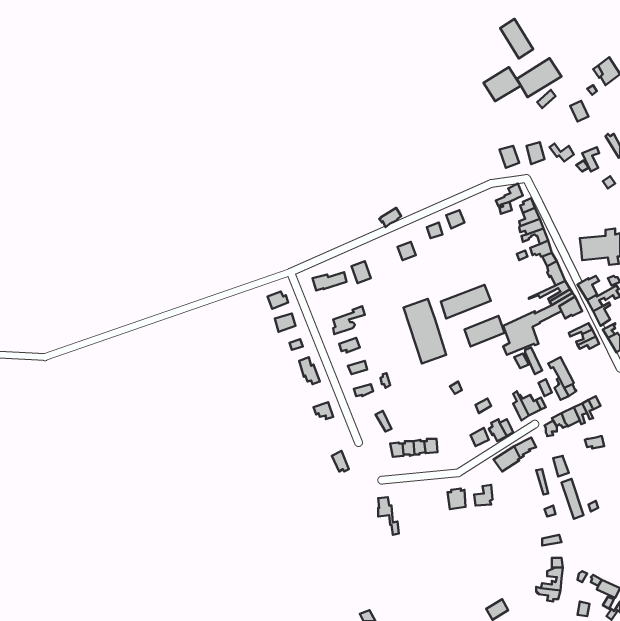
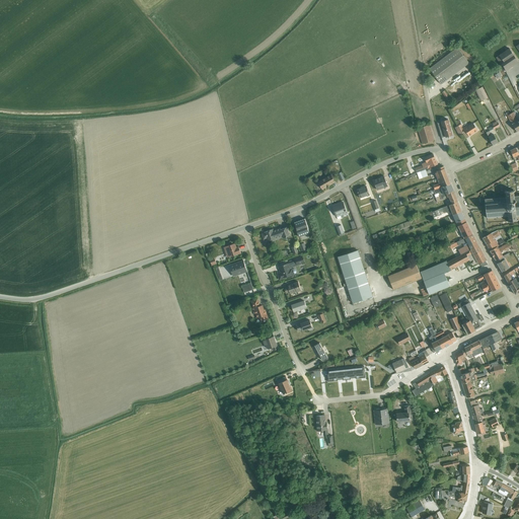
building: [500,19,533,59] -> none
building: [483,67,521,101] -> none
building: [441,285,491,319] -> none

